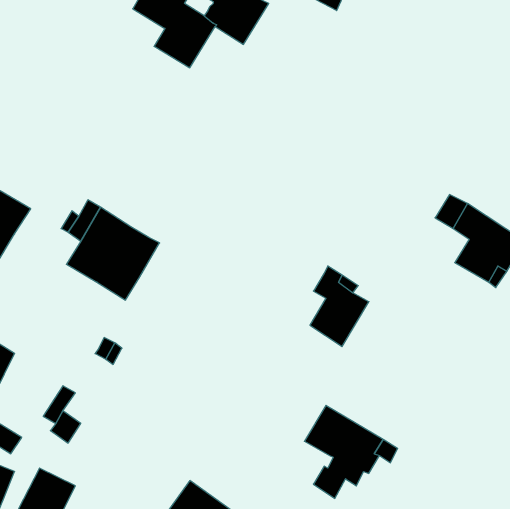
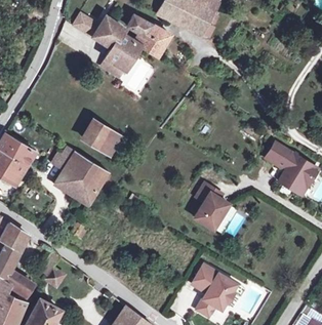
building: none -> [83,120,122,154]

